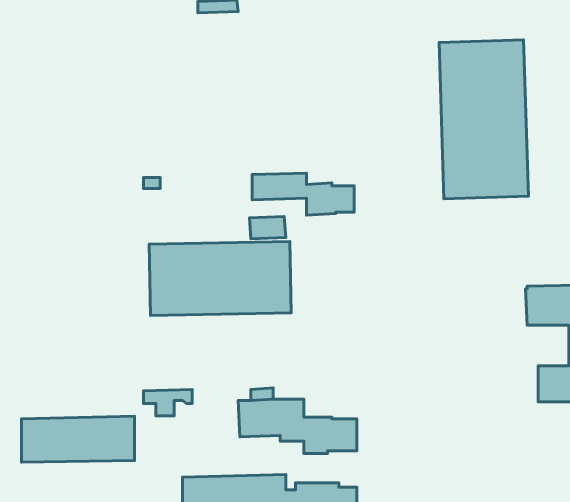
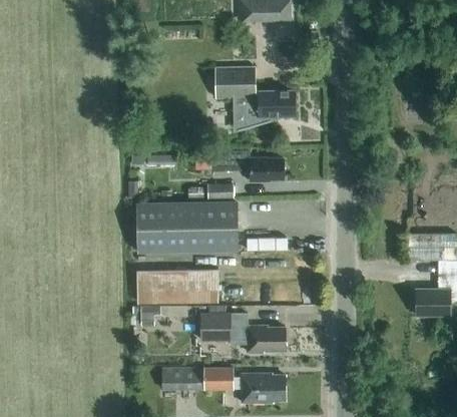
building: [439,40,528,199] -> none
building: none -> [215,66,298,132]
building: [21,416,134,462] -> [136,270,217,303]

